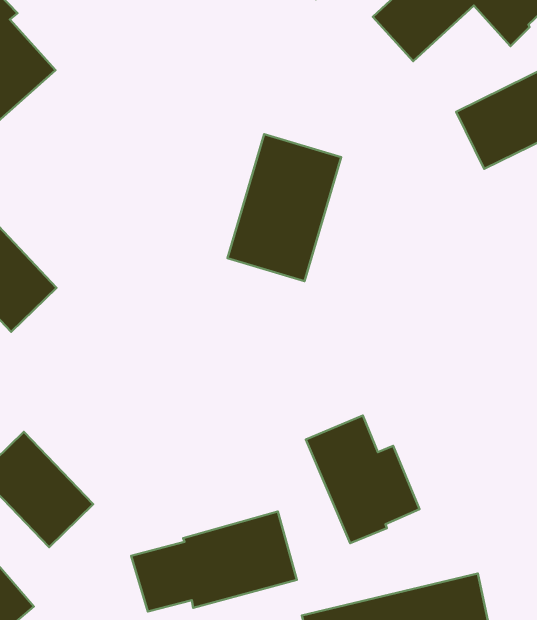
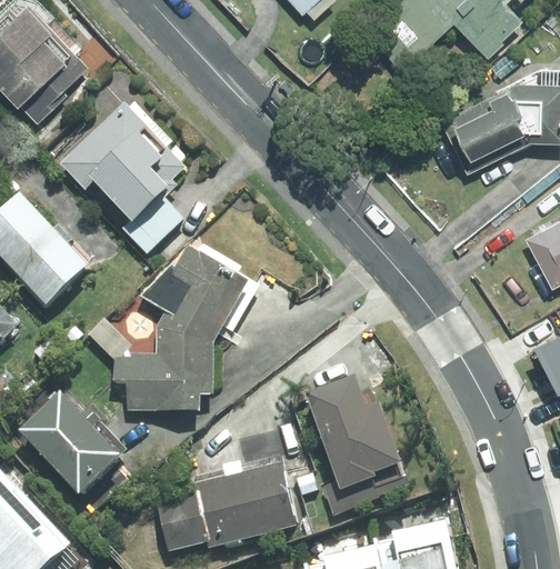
building: none -> [58,102,184,224]
building: [228,134,341,281] -> none
building: none -> [87,249,249,409]

